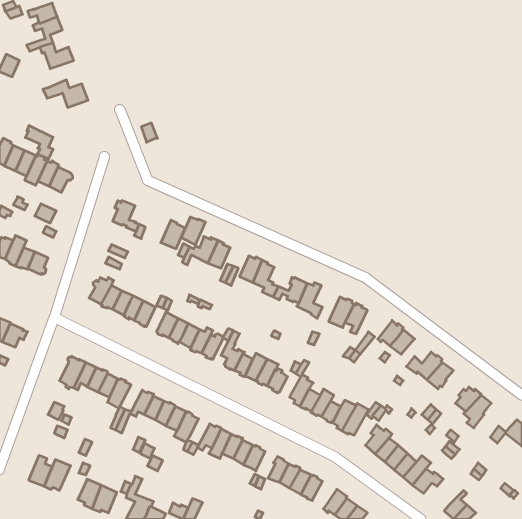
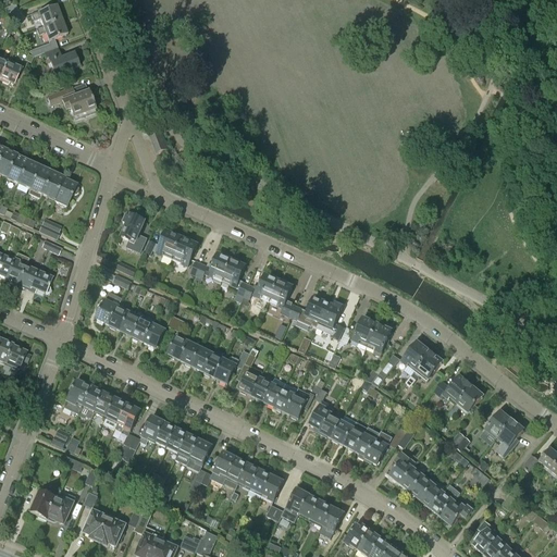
building: [25,125,53,159] -> none
building: [181,217,206,245] -> [156,228,182,258]

